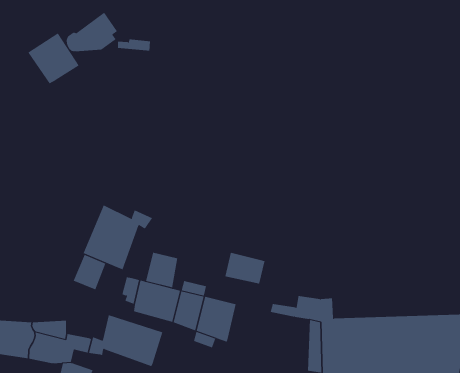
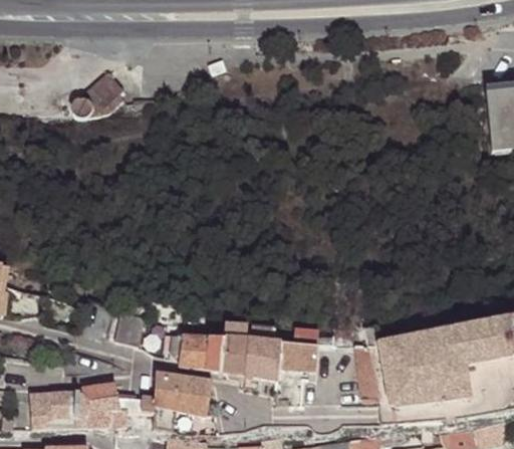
building: [27,32,80,84] -> none
building: [83,205,153,270] -> none
building: [145,252,178,288] -> none
building: [224,252,265,284] -> [279,342,317,369]

